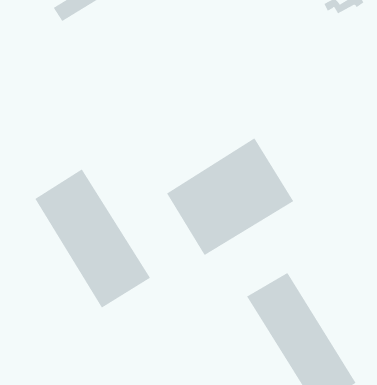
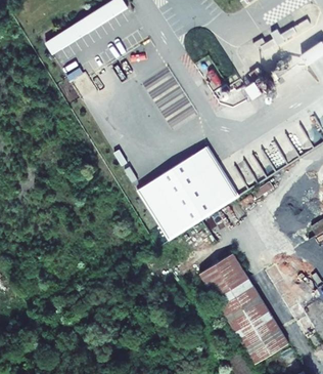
building: [34,169,151,308] -> none

